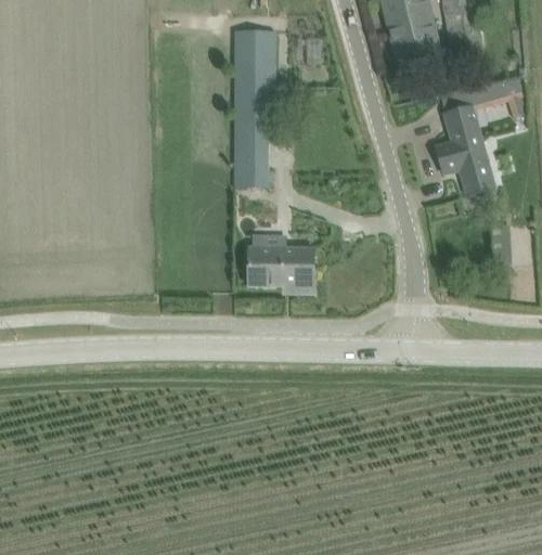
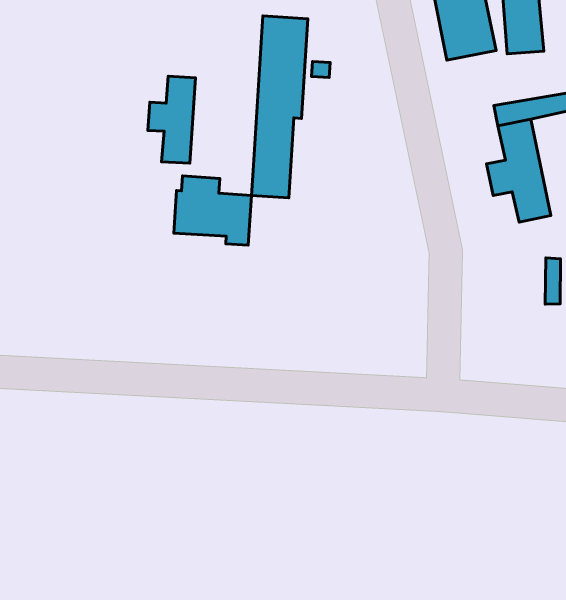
building: none -> [148,76,195,163]
building: [249,235,314,292] -> [174,176,251,245]

